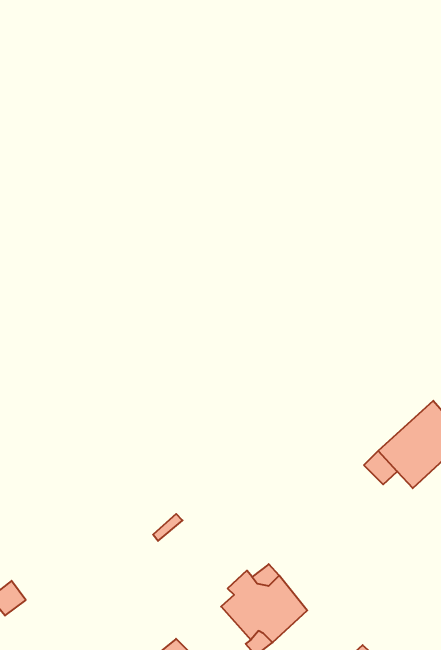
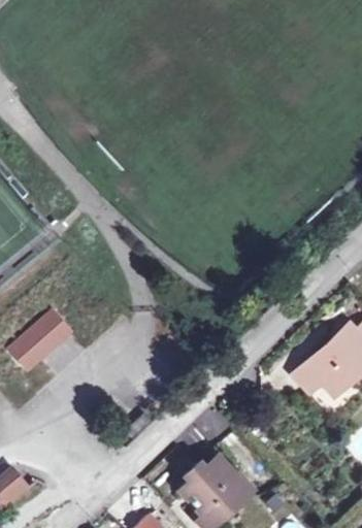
building: none -> [9,310,70,369]

